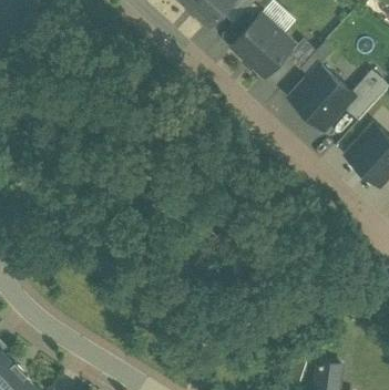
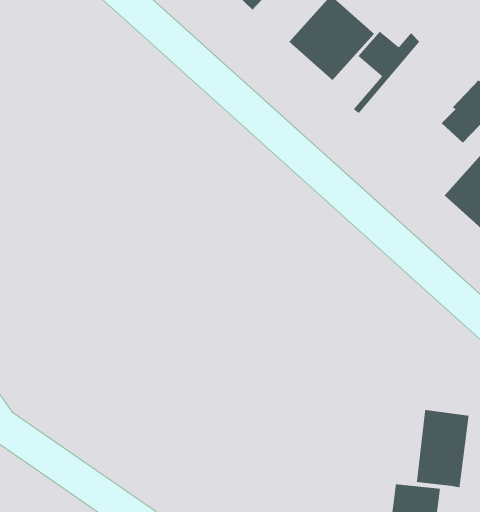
building: [290,66,354,129] -> none
building: none -> [416,409,469,488]

